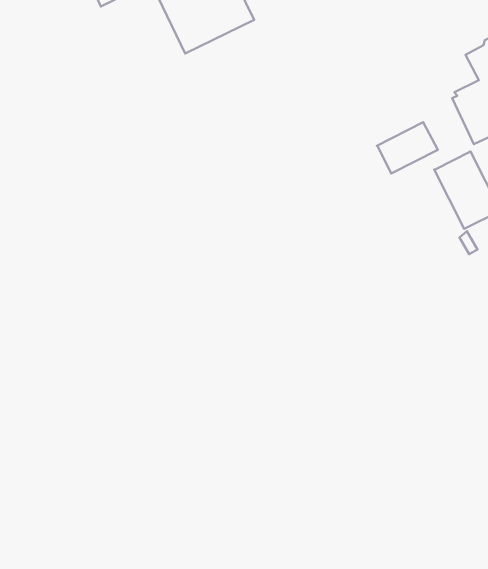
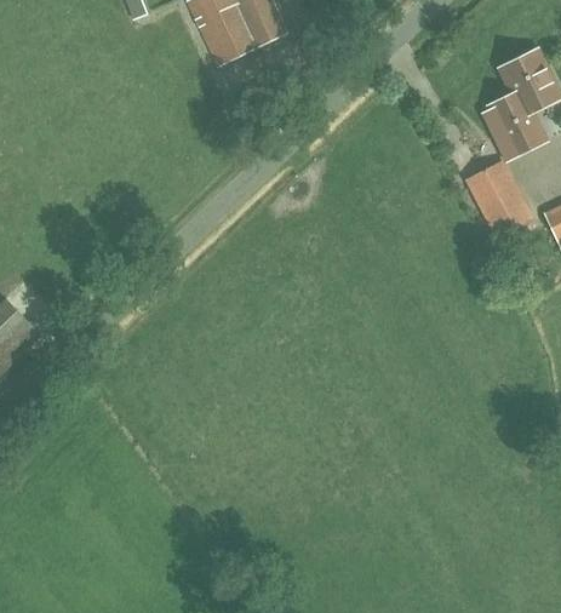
building: [377,122,438,174] -> none

